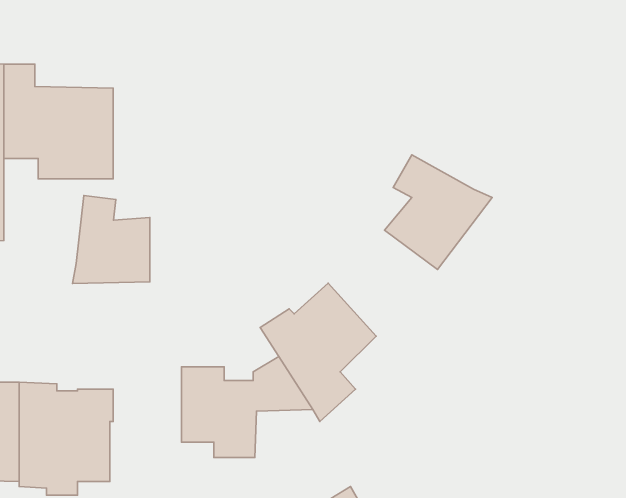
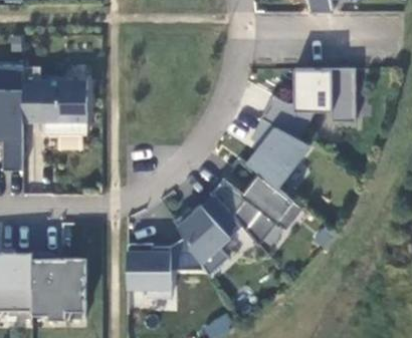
building: none -> [260,68,355,139]
building: [72,195,150,283] -> none
building: none -> [211,173,302,244]

